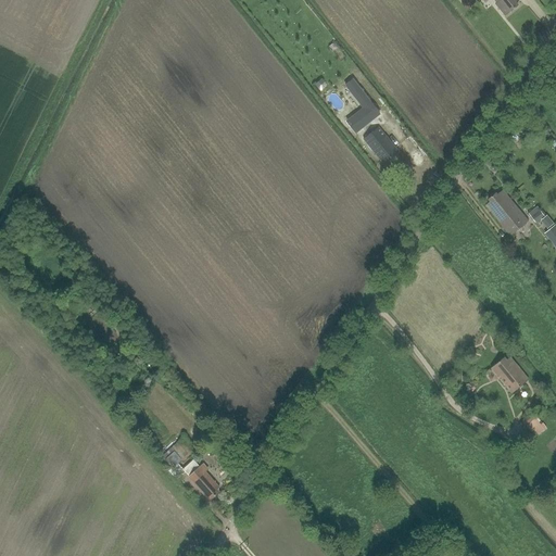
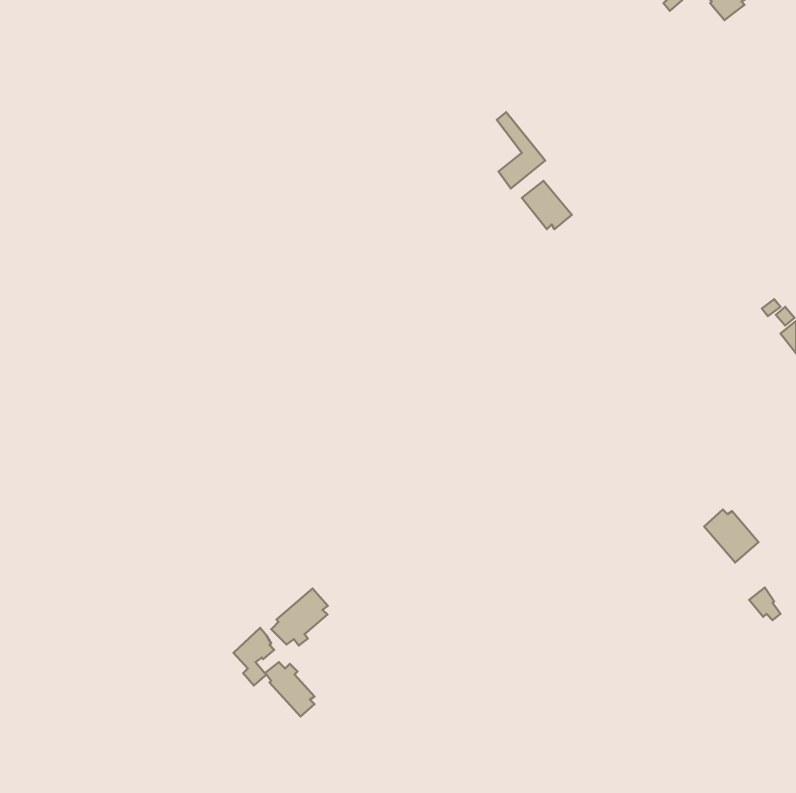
building: [485,189,528,235] -> none
building: none -> [271,588,328,645]

